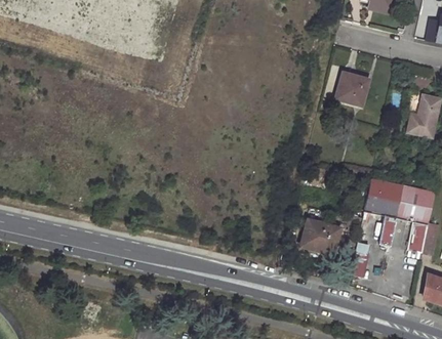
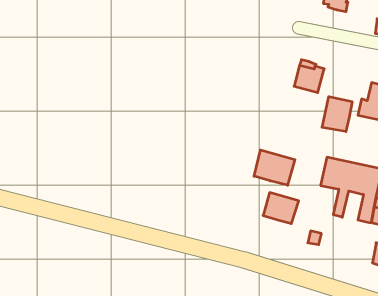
building: none -> [322,97,352,132]
building: none -> [254,150,295,185]

